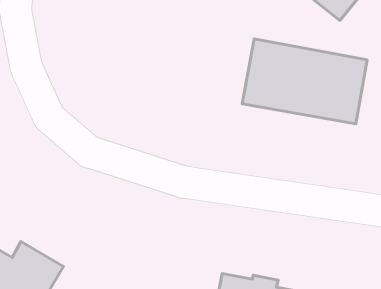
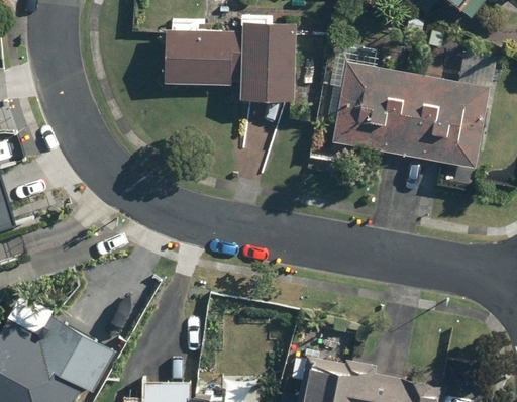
building: none -> [164,21,296,100]

